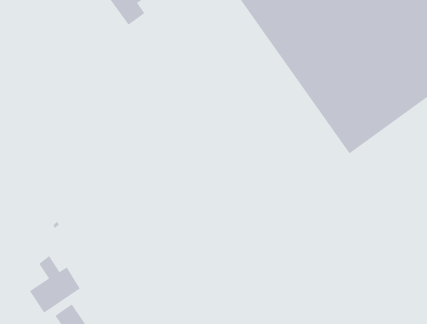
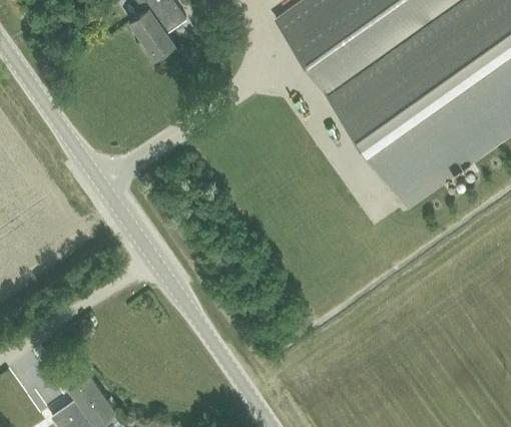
building: [29,255,81,313] -> none

